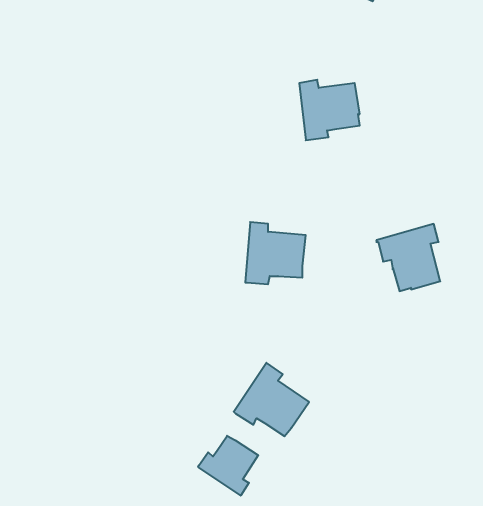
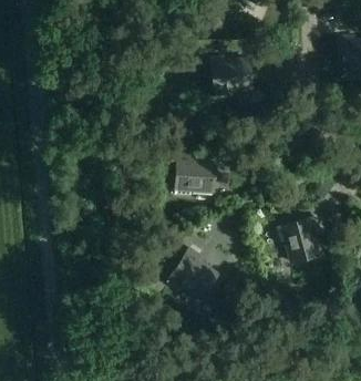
building: [376,224,440,291] -> [278,216,321,261]
building: [198,436,258,496] -> none

